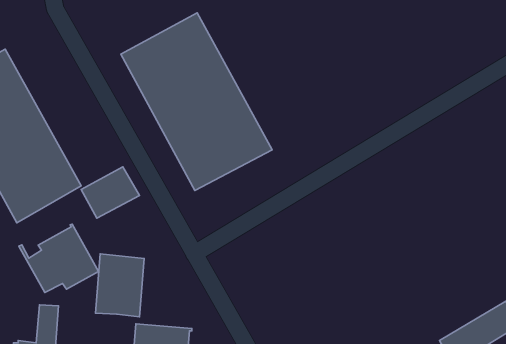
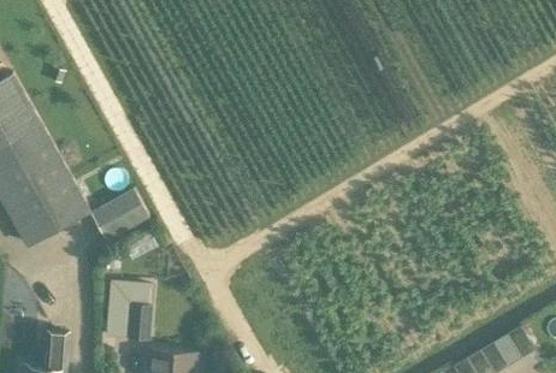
building: [121,13,272,191] -> none
building: [19,224,99,292] -> none

